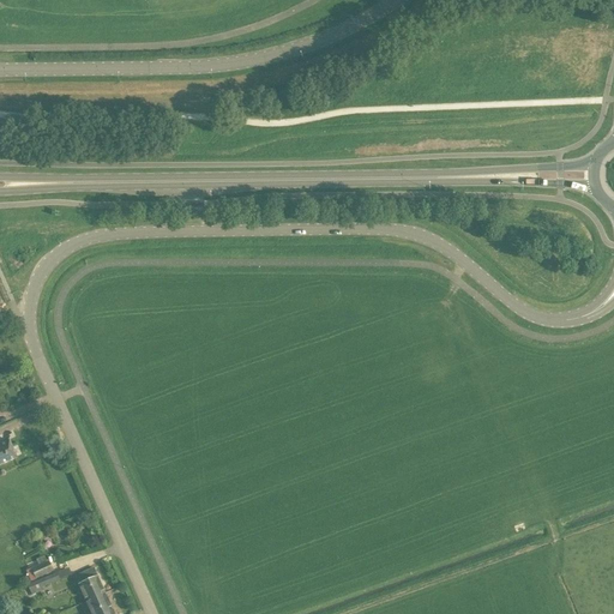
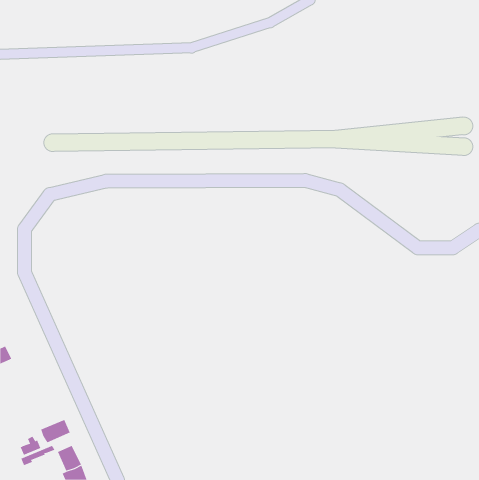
building: none -> [40,419,71,443]

